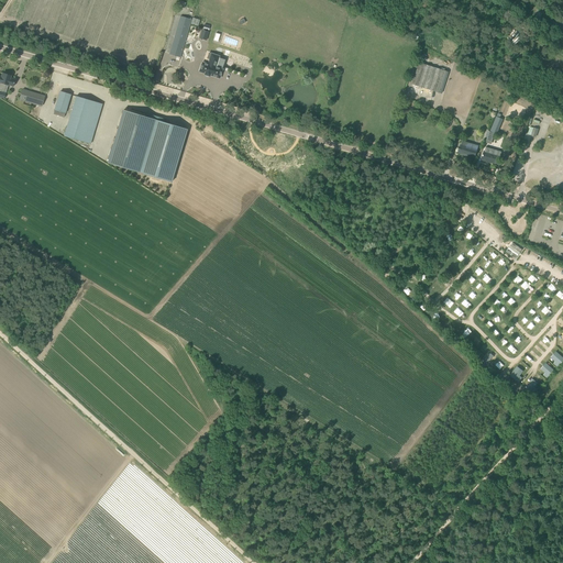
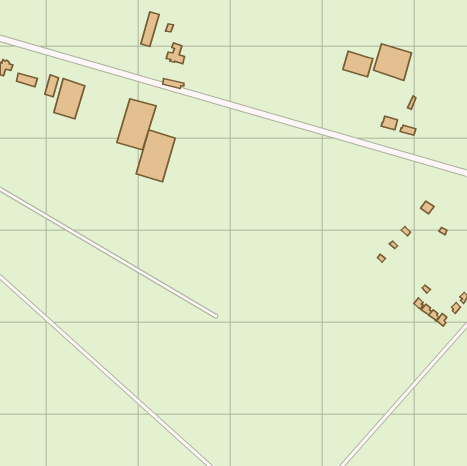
building: none -> [374,44,412,81]
building: [109,109,156,172] -> [136,130,175,182]

